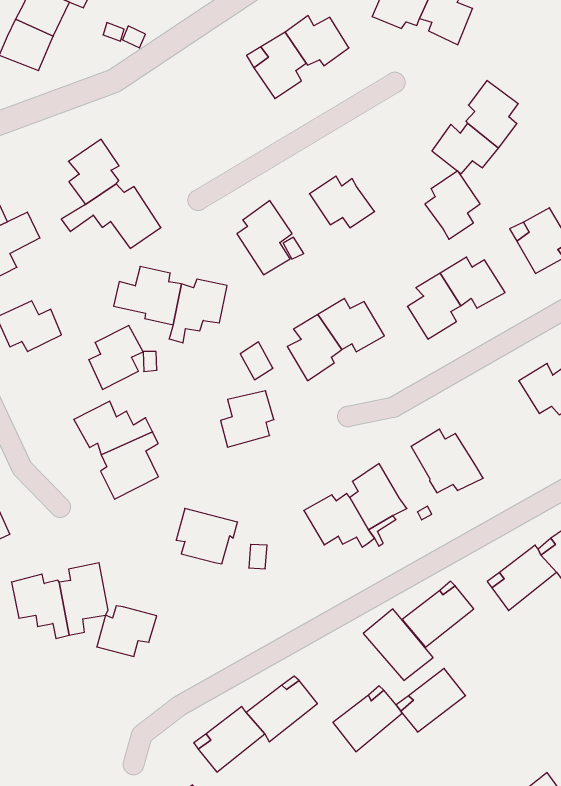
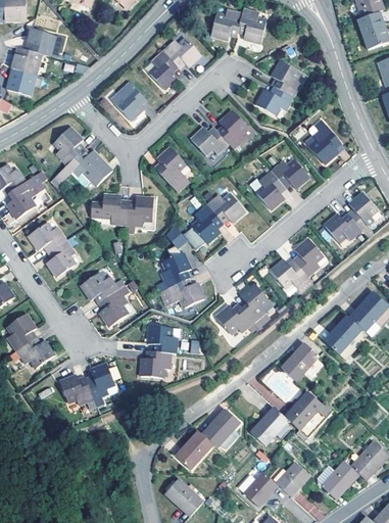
building: none -> [111,82,146,120]
building: [425,171,480,239] -> [216,109,247,148]
building: [89,326,143,389] -> [46,239,76,277]
building: none -> [293,238,322,276]
building: none -> [159,278,204,306]
building: [97,606,157,656] -> [140,350,171,377]

